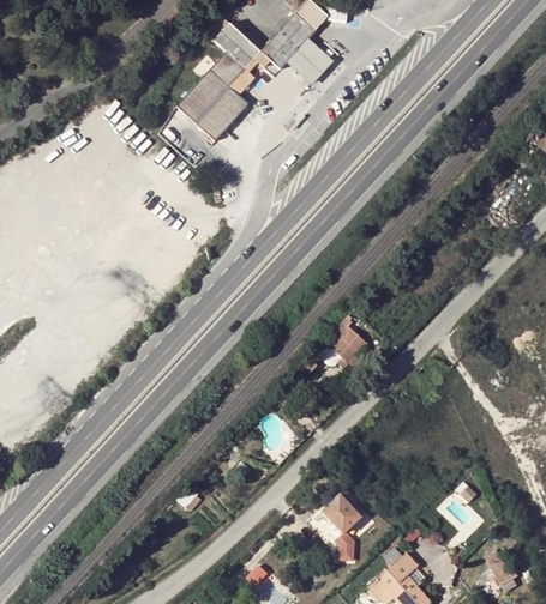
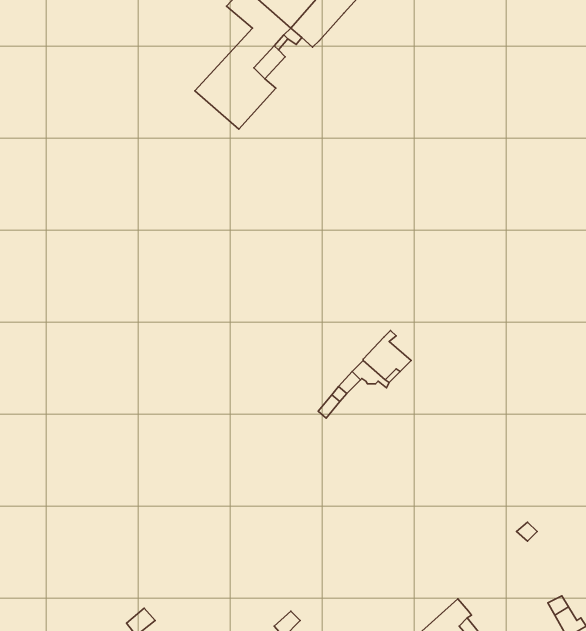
building: [287,38,335,85] -> none
building: [323,493,362,558] -> none

